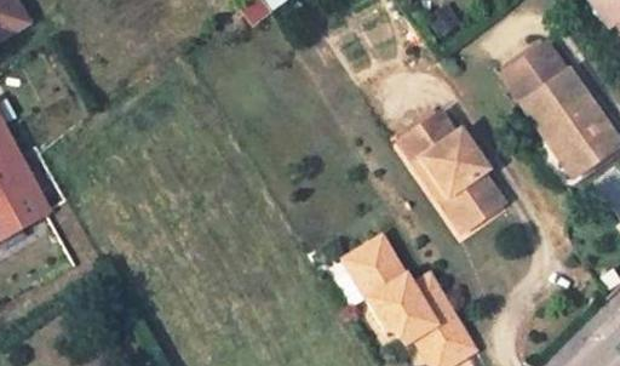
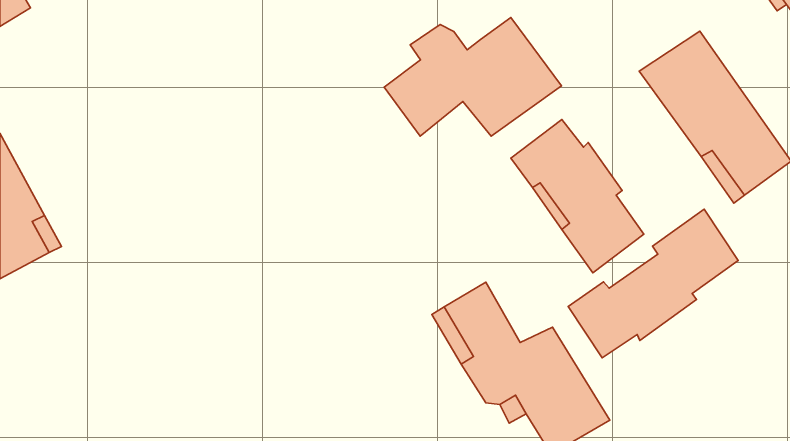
building: none -> [384,18,562,136]
building: none -> [568,209,738,358]

